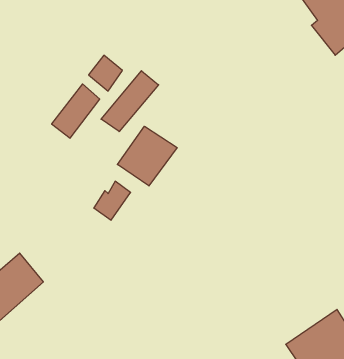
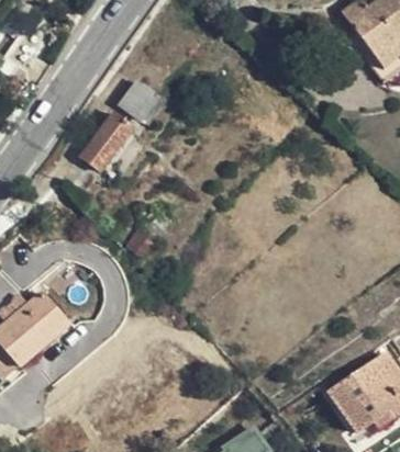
building: [101,71,159,132] -> none
building: [117,126,177,186] -> none

